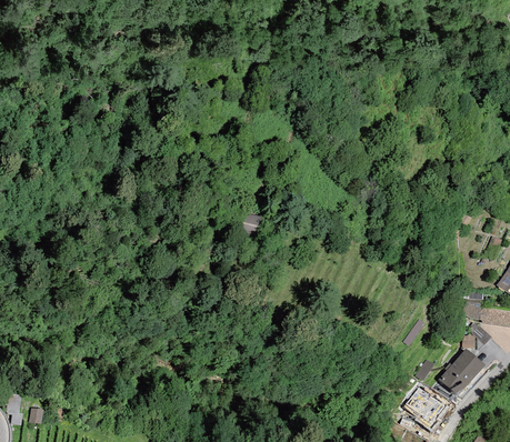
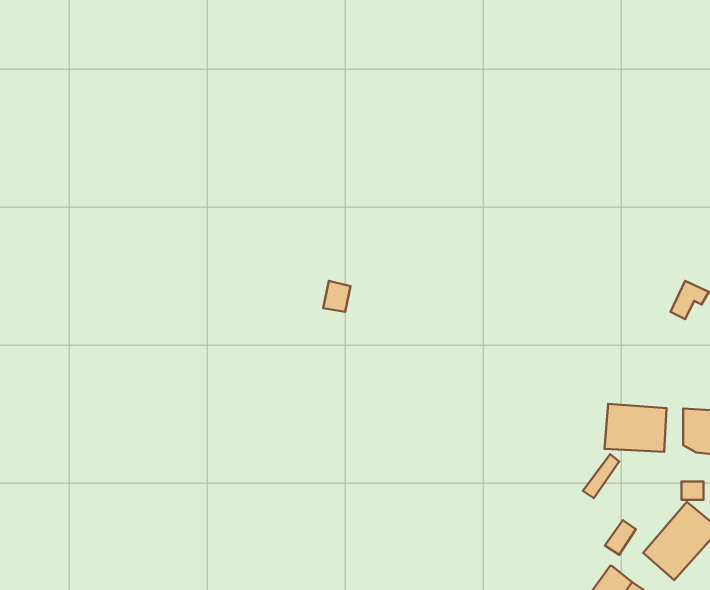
building: none -> [605,404,667,452]

